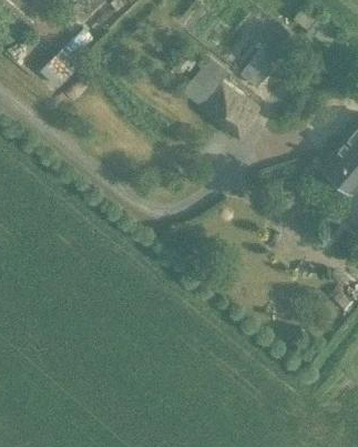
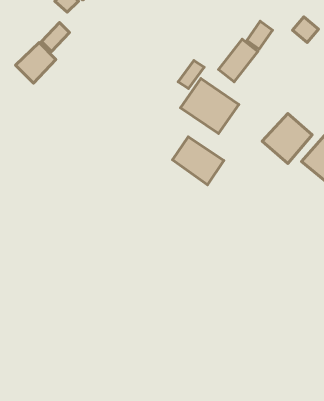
building: none -> [262,113,312,163]
building: none -> [172,137,224,185]

